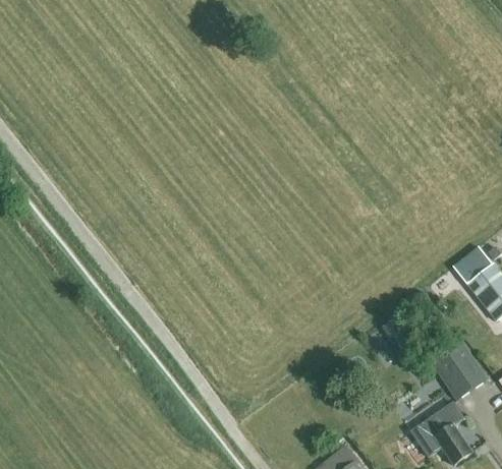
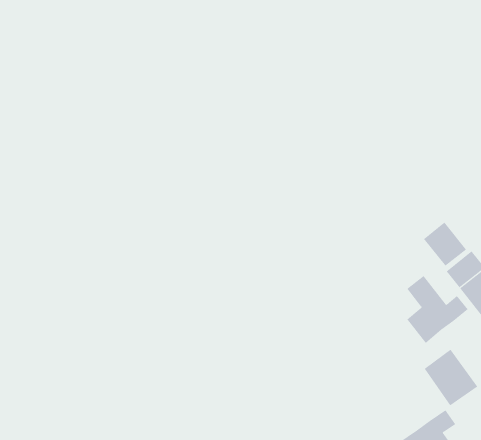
building: none -> [423,222,467,266]
building: none -> [406,275,468,344]

